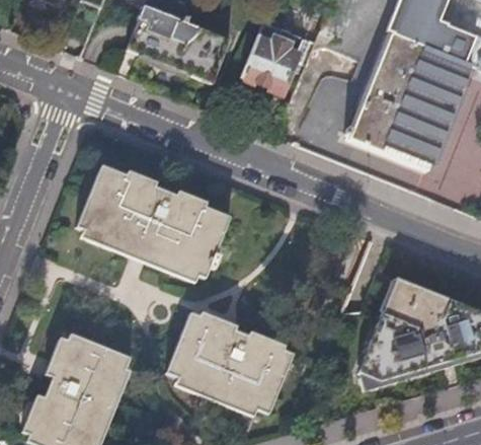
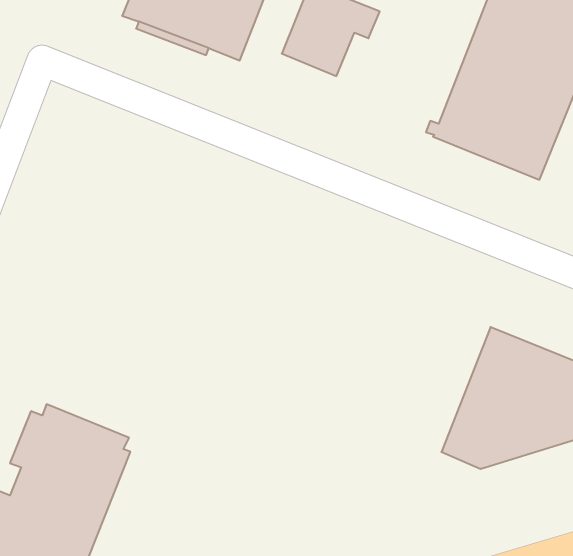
building: [79,165,230,282] -> none
building: [167,311,294,417] -> none

